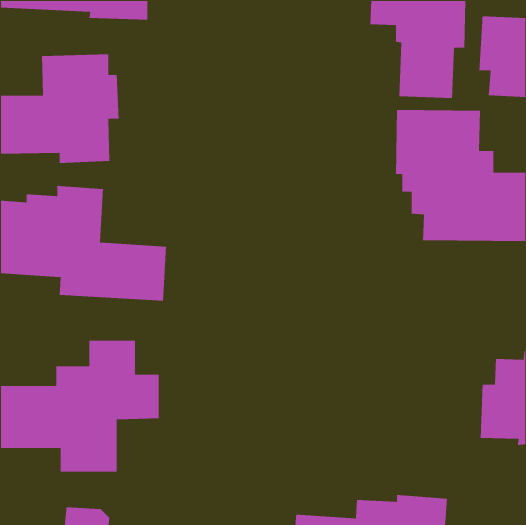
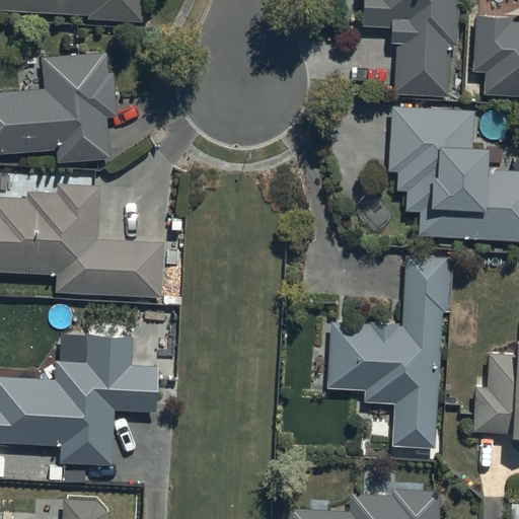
building: none -> [325,257,453,450]

